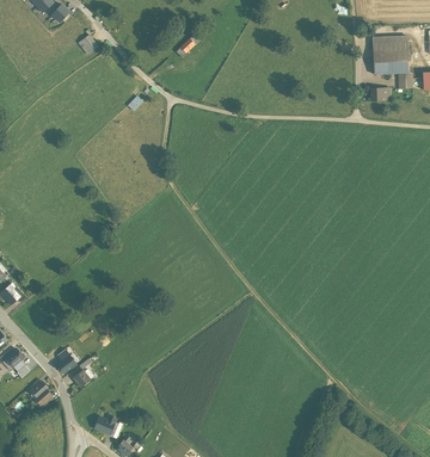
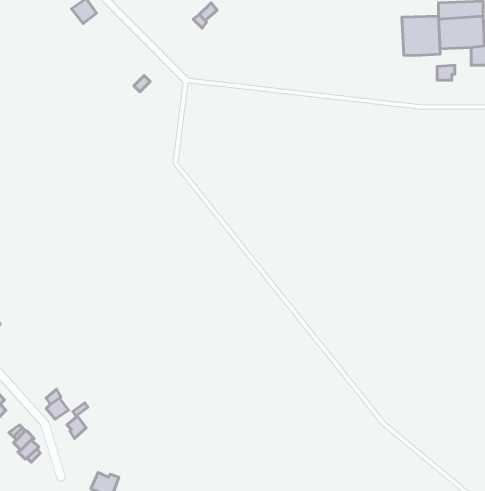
building: none -> [402,16,440,56]

